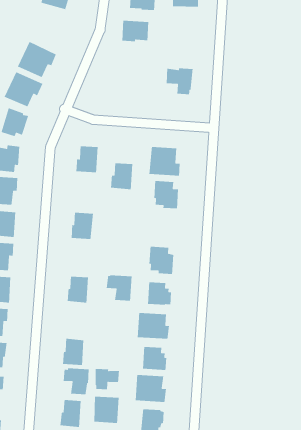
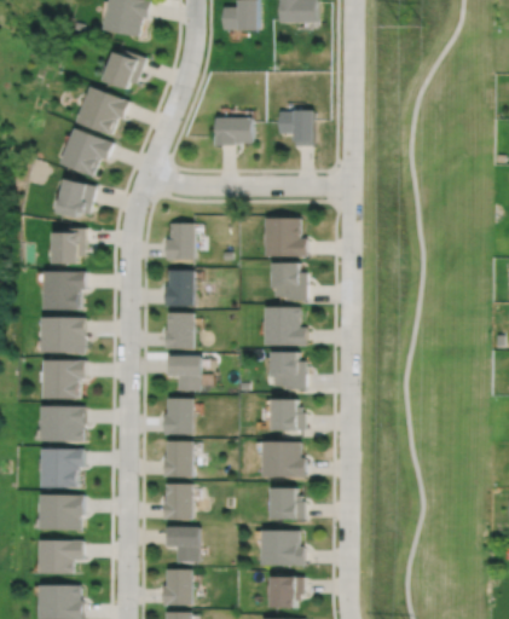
building: none -> [105,53,145,89]
building: [121,20,149,42] -> [216,116,253,145]
building: [110,162,133,190] -> [163,271,192,307]
building: none -> [264,307,306,346]
building: [106,274,133,302] -> [163,357,198,392]
building: none -> [162,442,191,479]
building: [95,368,120,390] -> none
building: [93,396,119,424] -> none

